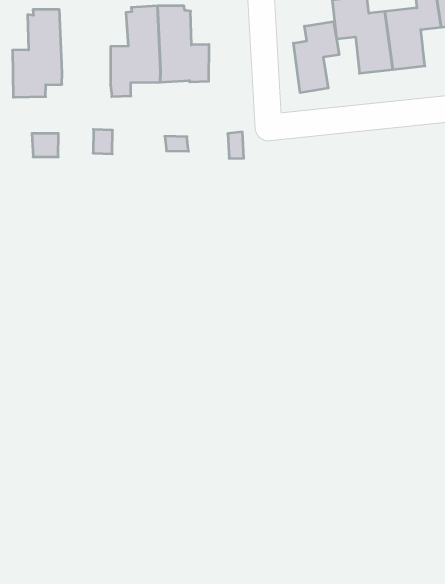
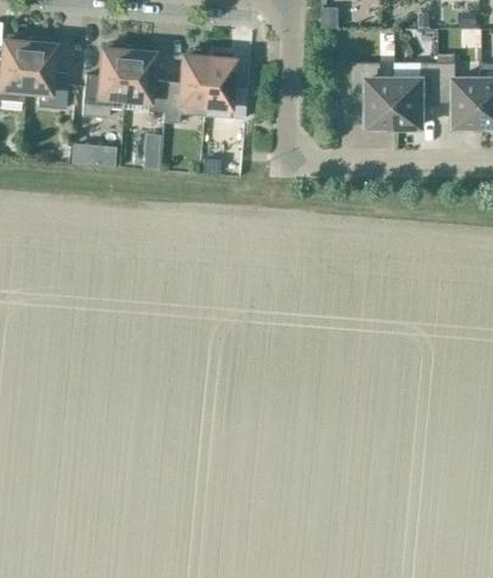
building: none -> [123,47,166,113]
building: [293,21,339,93] -> none

